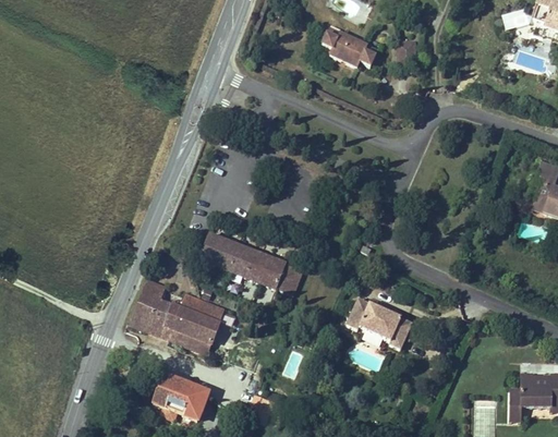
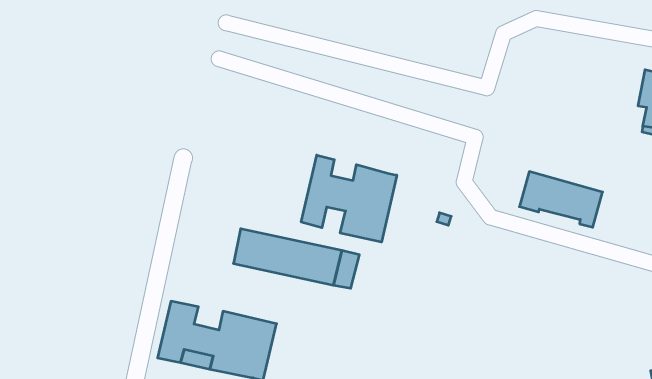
building: none -> [301,155,397,242]
building: [345,298,412,349] -> [519,172,603,227]

